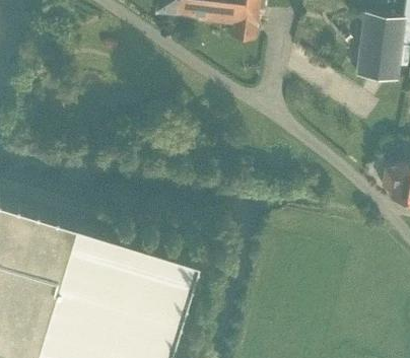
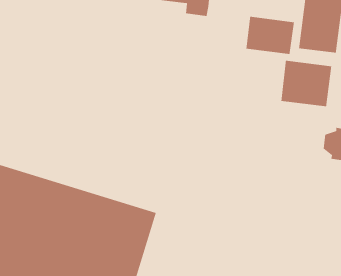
building: none -> [246,16,295,55]
building: none -> [280,60,332,107]

